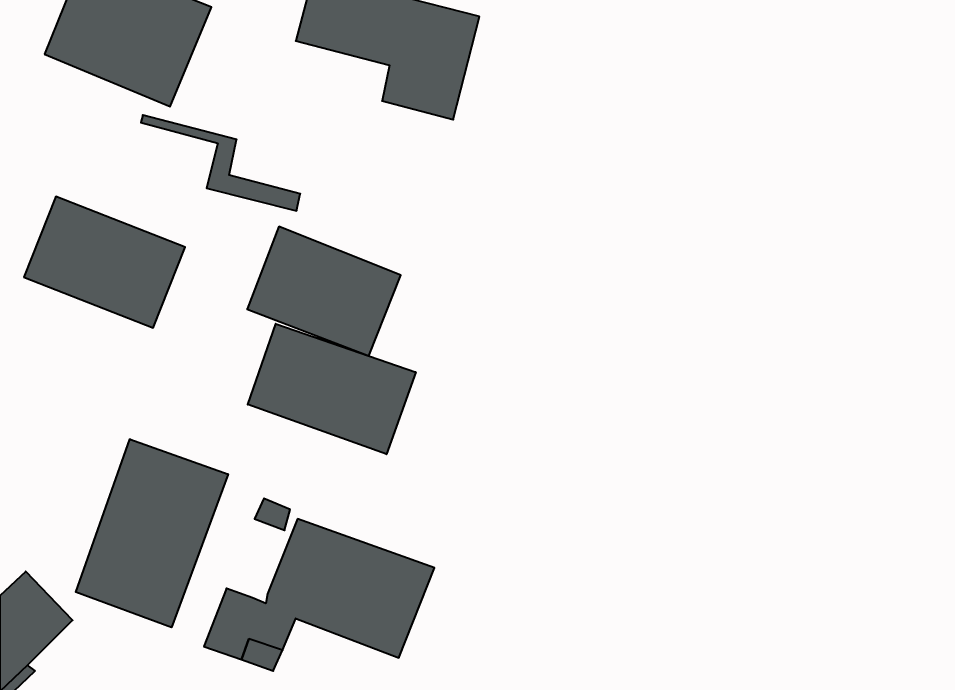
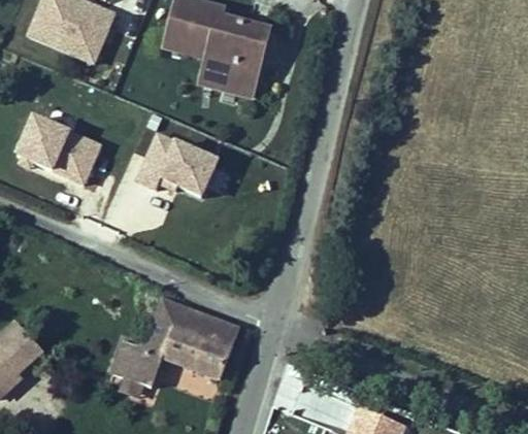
building: [141,115,300,211] -> [163,32,251,85]
building: [248,324,416,454] -> none
building: [76,439,228,627] -> none

